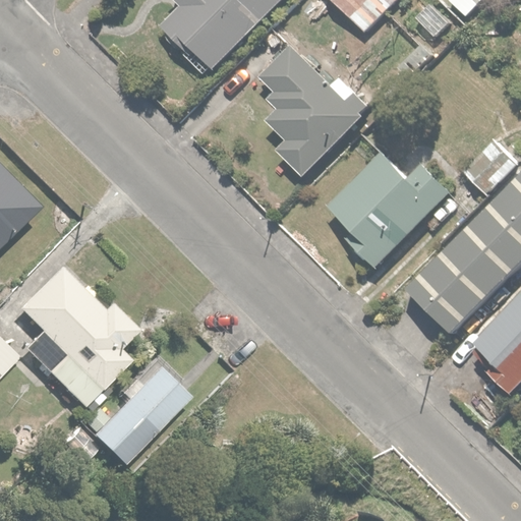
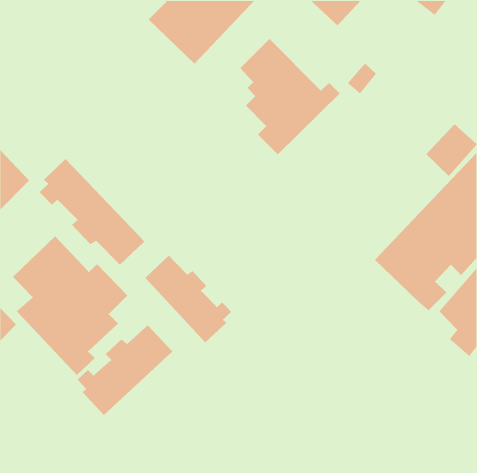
building: [329,151,452,269] -> none
building: none -> [39,158,145,266]
building: none -> [144,255,232,343]

